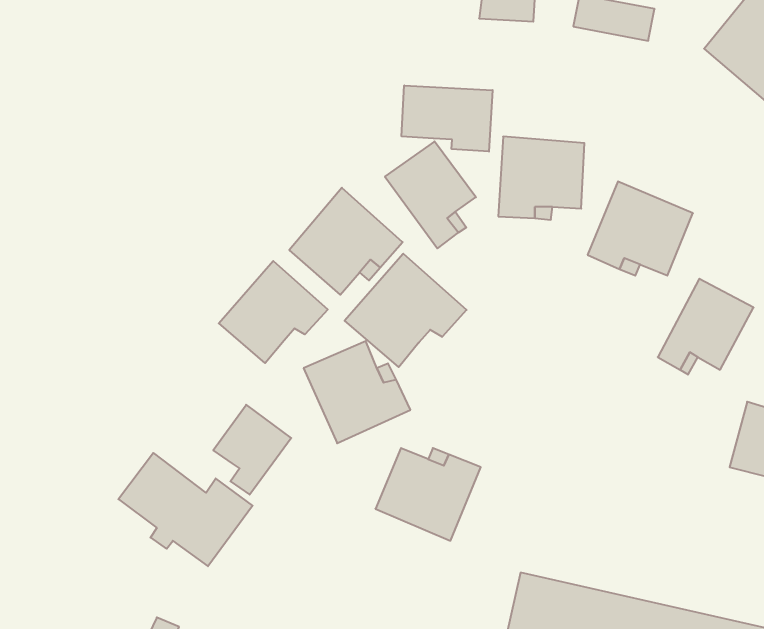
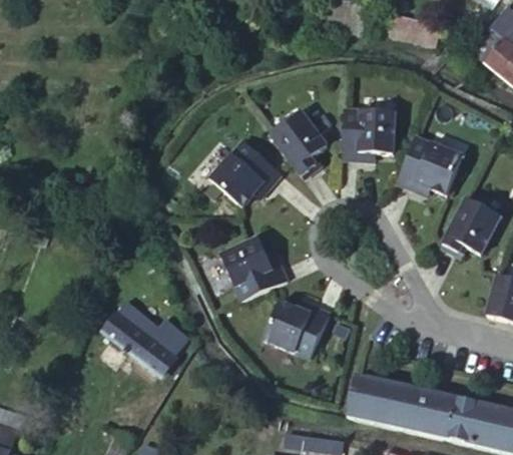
building: [402,85,493,152] -> none
building: [345,254,467,367] -> none
building: [219,261,328,363] -> none
building: [213,405,291,495] -> none

